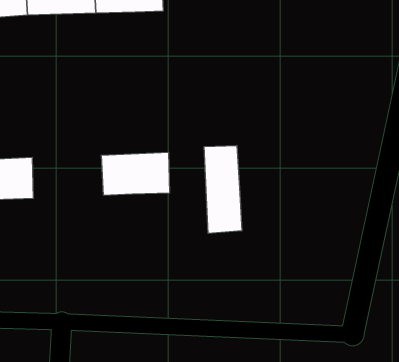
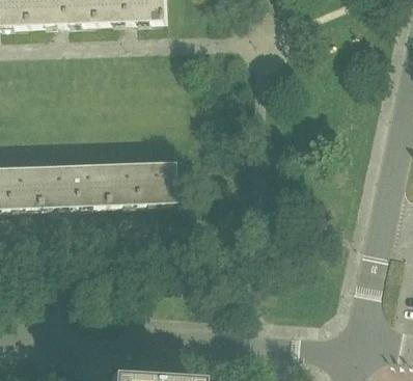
building: [204,145,242,233] -> none
building: none -> [40,164,111,207]

